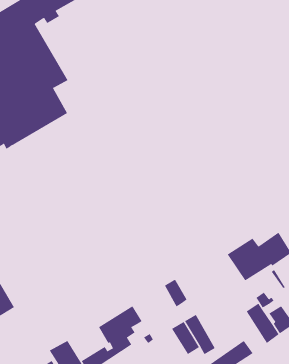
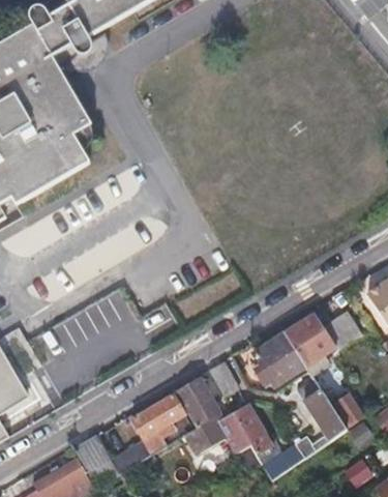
building: none -> [252,332,303,384]
building: none -> [176,376,218,422]

